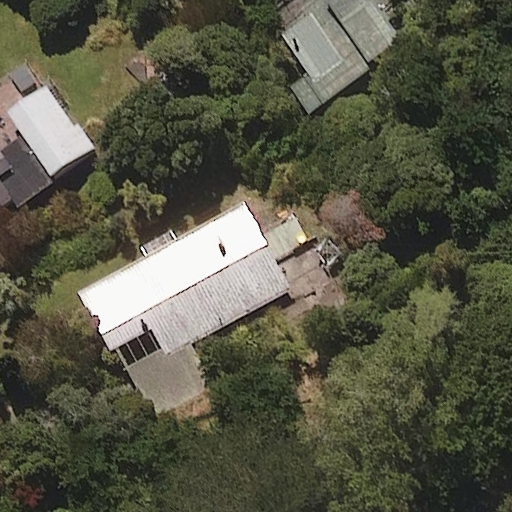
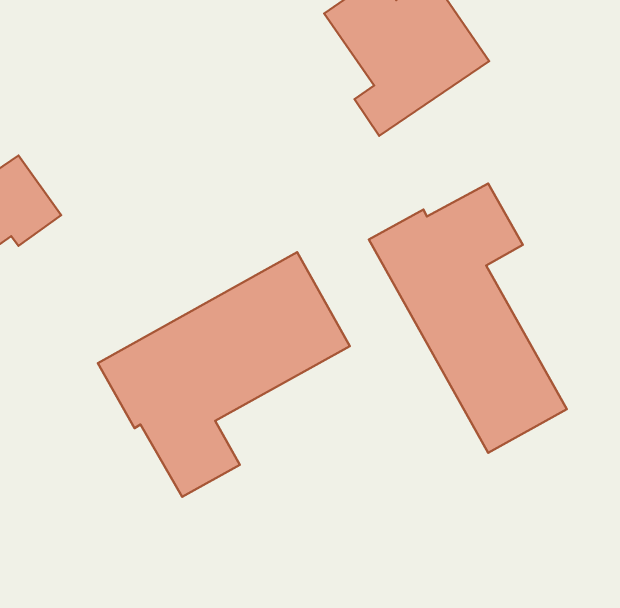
building: [8,80,93,170] -> none
building: none -> [369,184,567,453]

